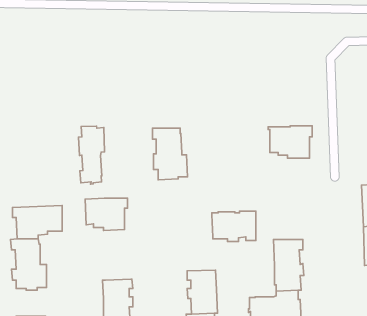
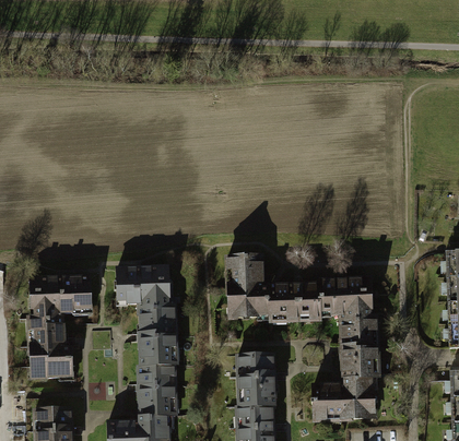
building: [268,126,312,158] -> [318,281,370,319]
building: [78,126,105,184] -> none
building: [153,128,187,180] -> [227,258,269,319]
building: none -> [139,307,175,367]

